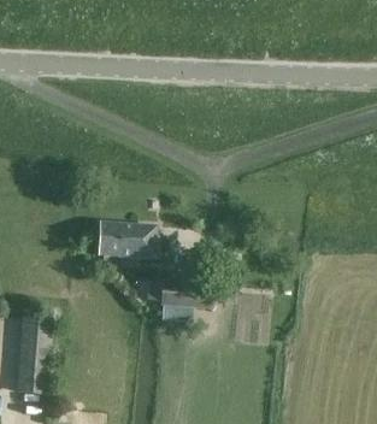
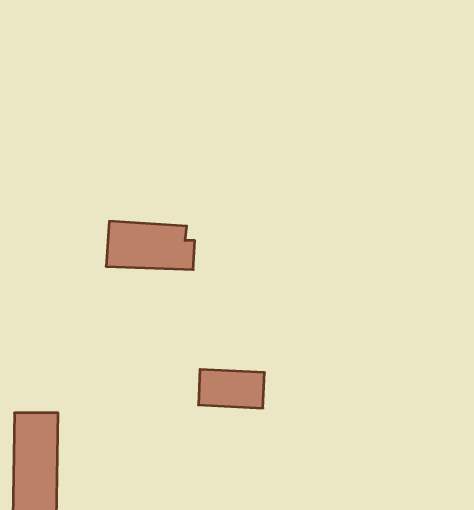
building: [94,220,160,257] -> [106,221,195,270]

